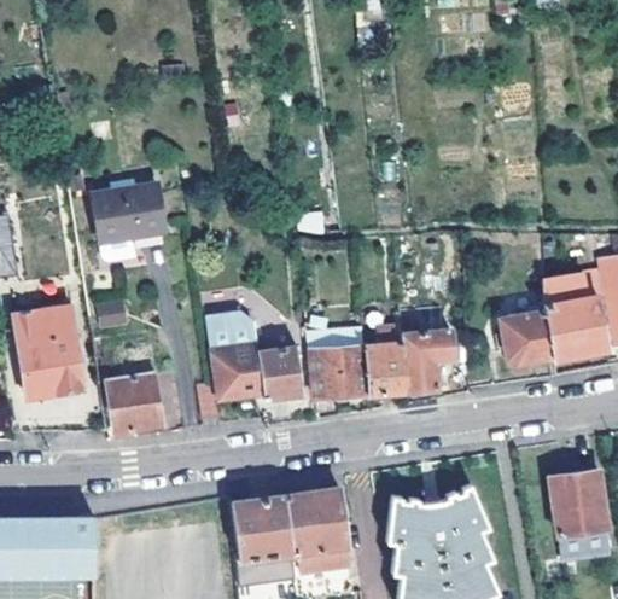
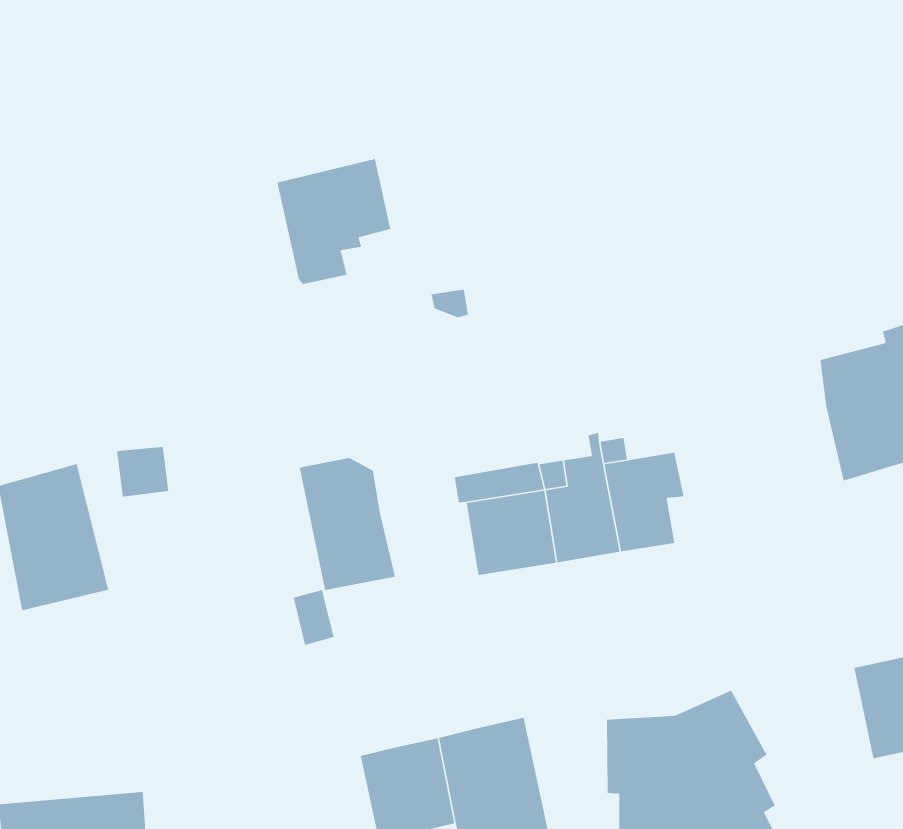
building: [95,198,165,274] -> [277,158,391,285]
building: [501,310,553,367] -> none
building: [258,348,305,400] -> none
building: [107,374,164,434] -> none

